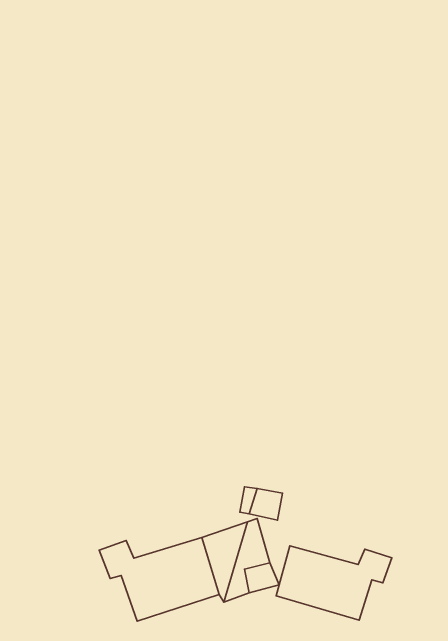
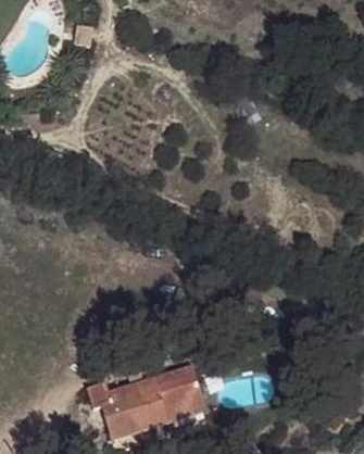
building: [276,546,392,620] -> none

